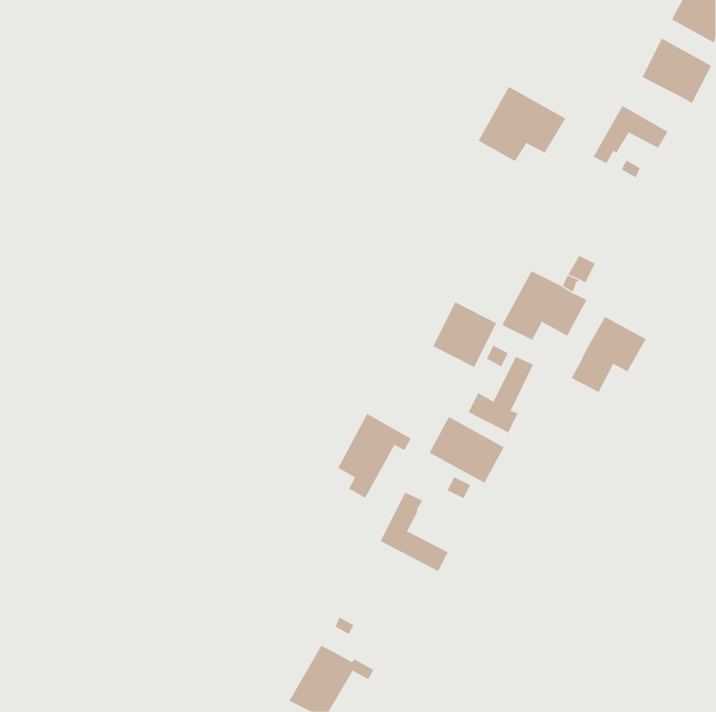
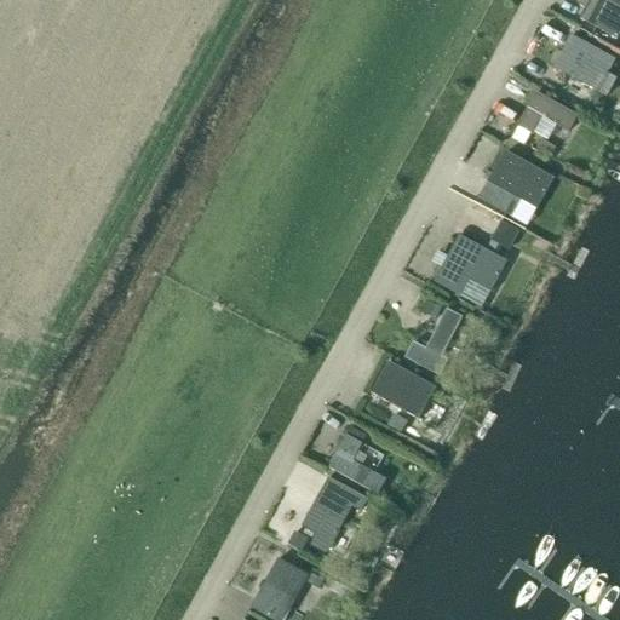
building: [478,86,566,162] -> [478,149,555,214]
building: [433,302,497,368] -> none
building: [571,316,646,393] -> none
building: [337,413,412,499] -> [302,476,366,550]

